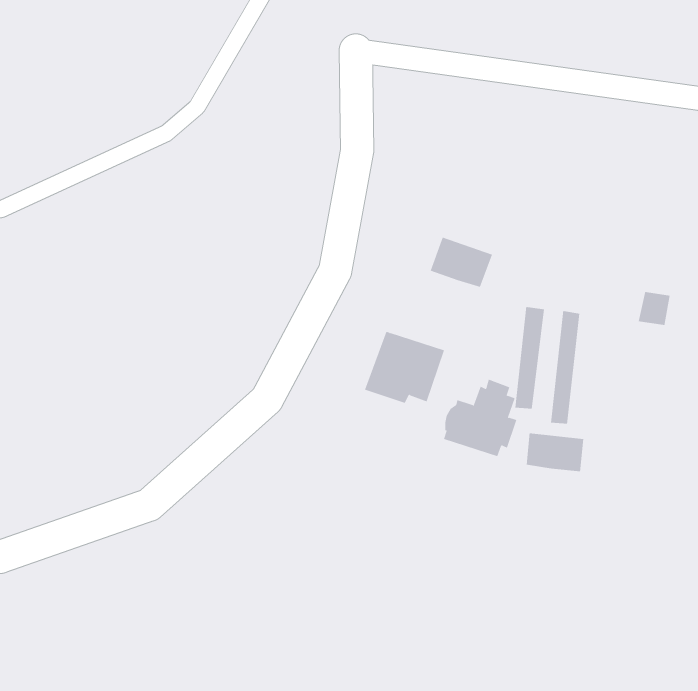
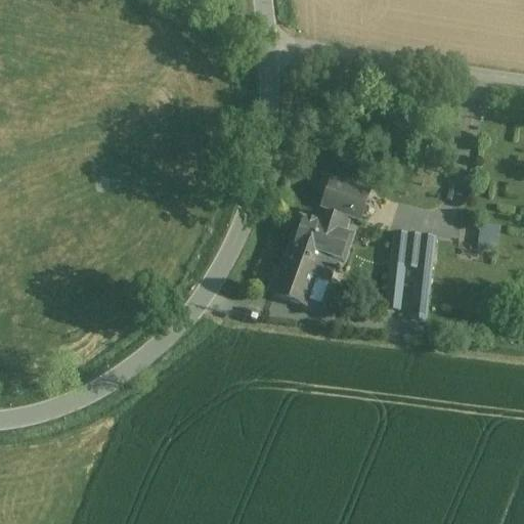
building: [443,379,517,457] -> [293,204,348,262]
building: [526,433,584,472] -> none

